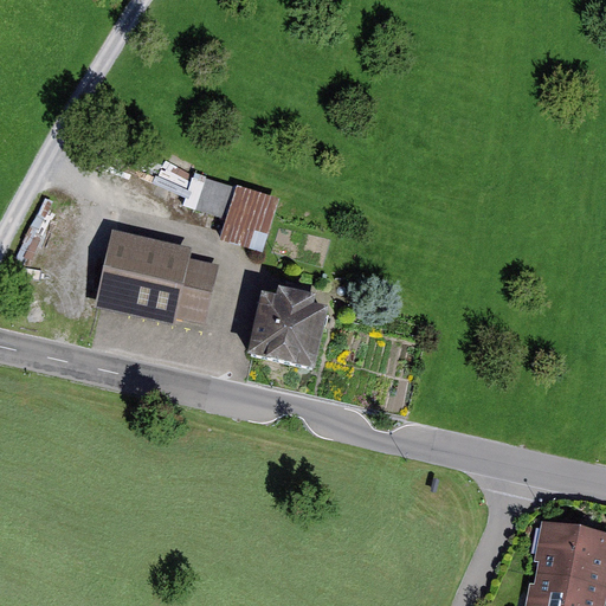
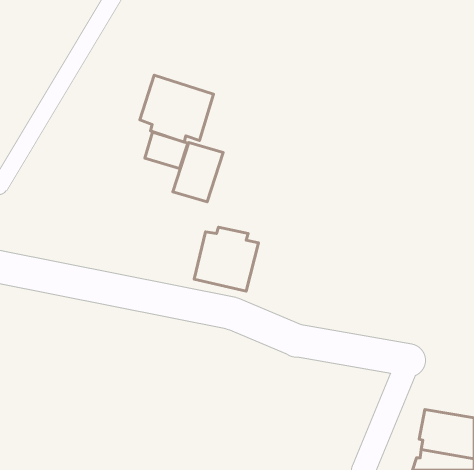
building: none -> [140,75,214,142]
building: [95,228,219,324] -> none

